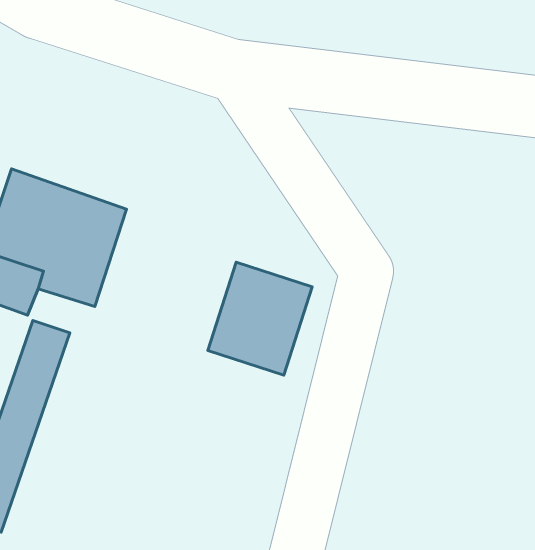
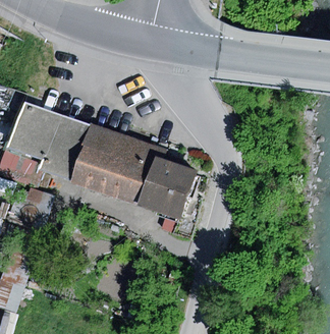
building: none -> [68,123,154,205]

